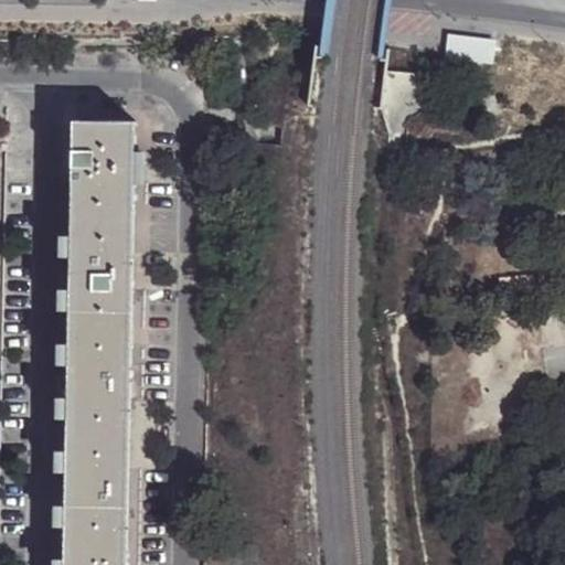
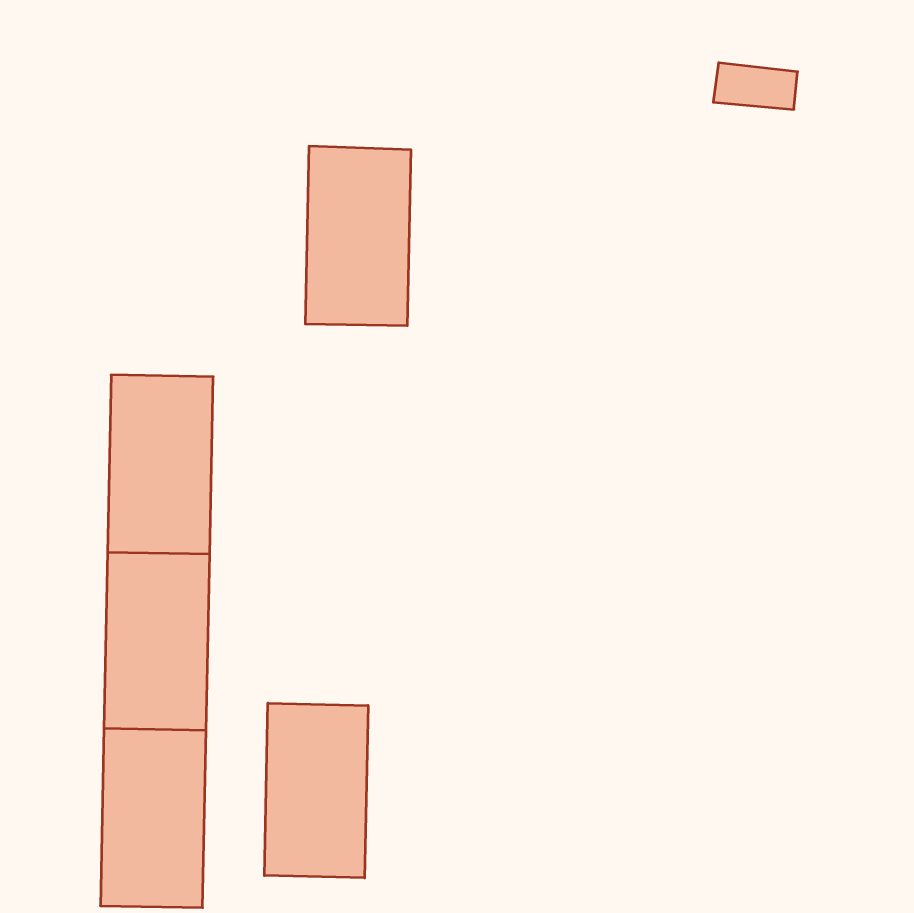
building: [68,124,134,234] -> [305,146,411,326]
building: none -> [264,703,368,878]

